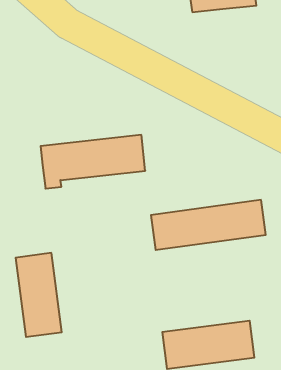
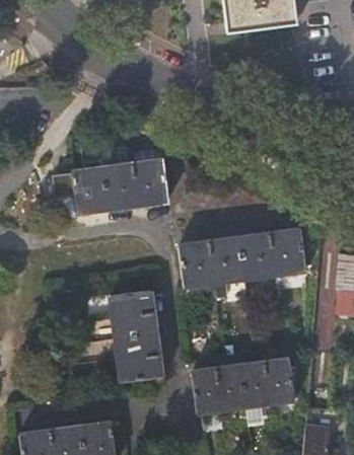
building: [16,253,62,337] -> [113,291,162,381]

